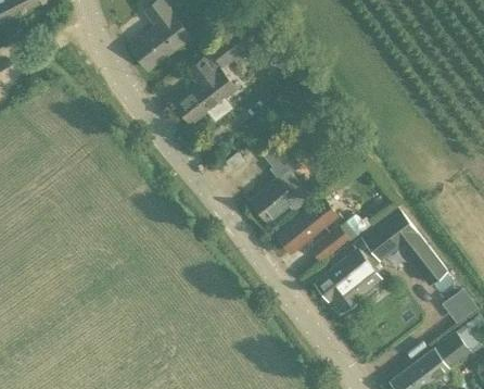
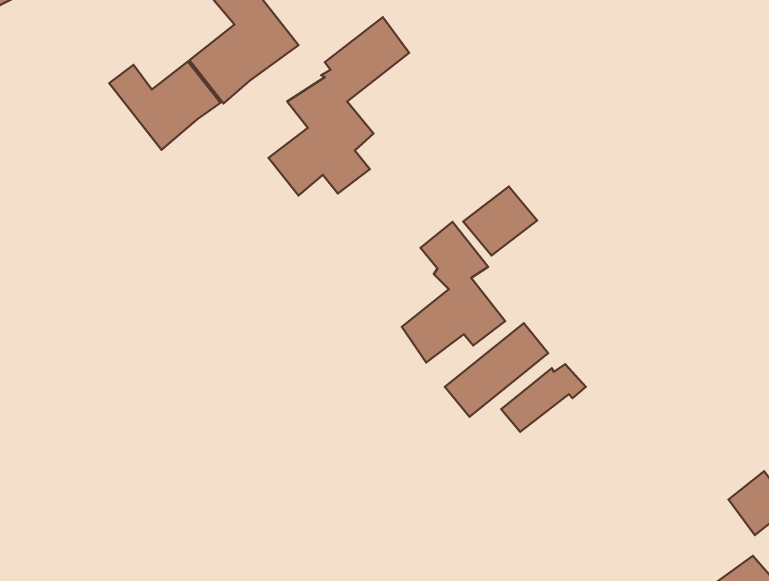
building: none -> [109,62,220,150]
building: none -> [463,187,537,255]
building: [318,210,447,311] -> none

